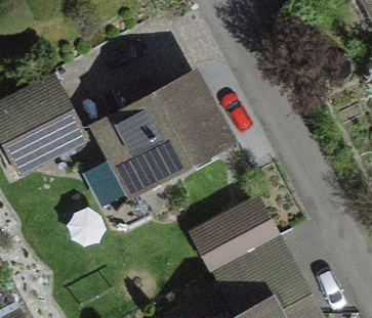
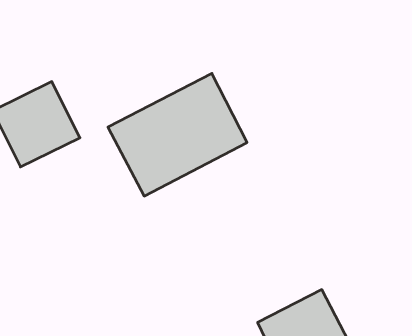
building: [198,206,279,281] -> none

